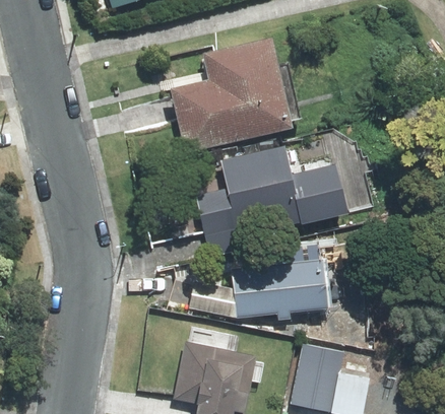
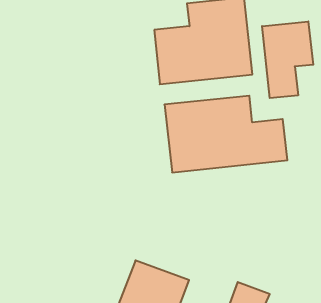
building: none -> [262,21,313,98]
building: [194,260,324,317] -> none

